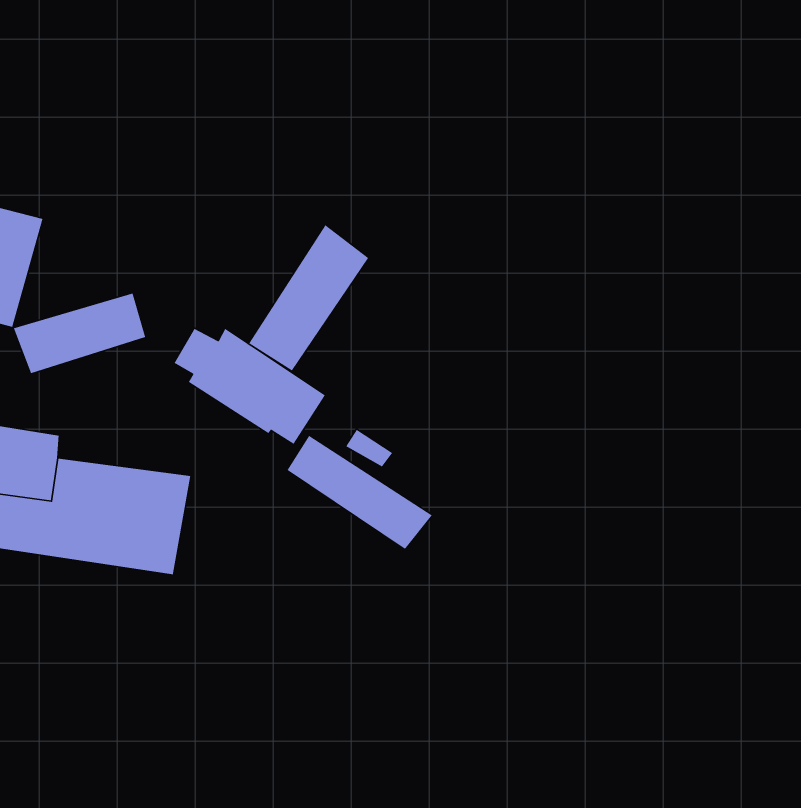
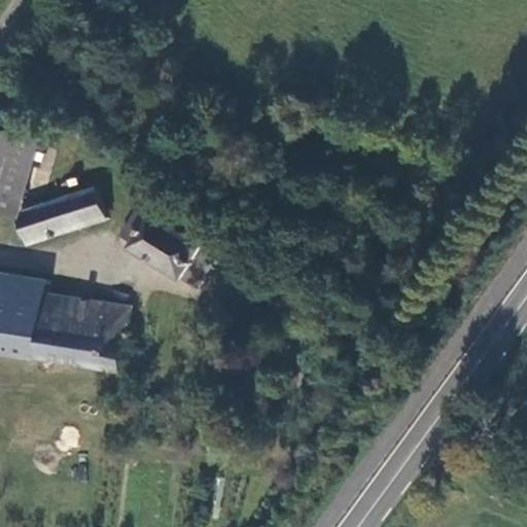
building: [248,224,369,371] -> none
building: [286,435,433,550] -> none

